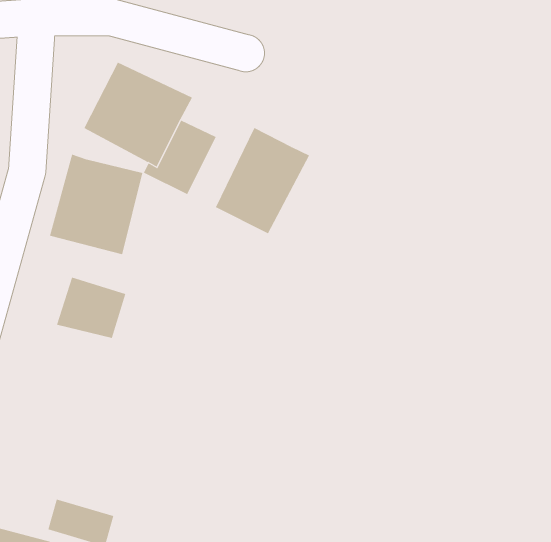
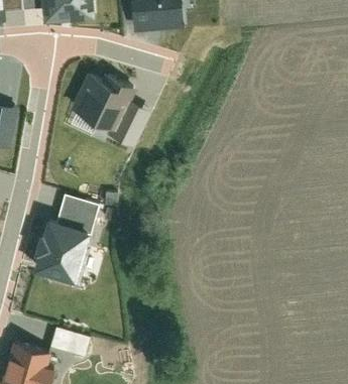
building: [215,127,310,234] -> none
building: [49,154,143,255] -> [33,222,89,281]

